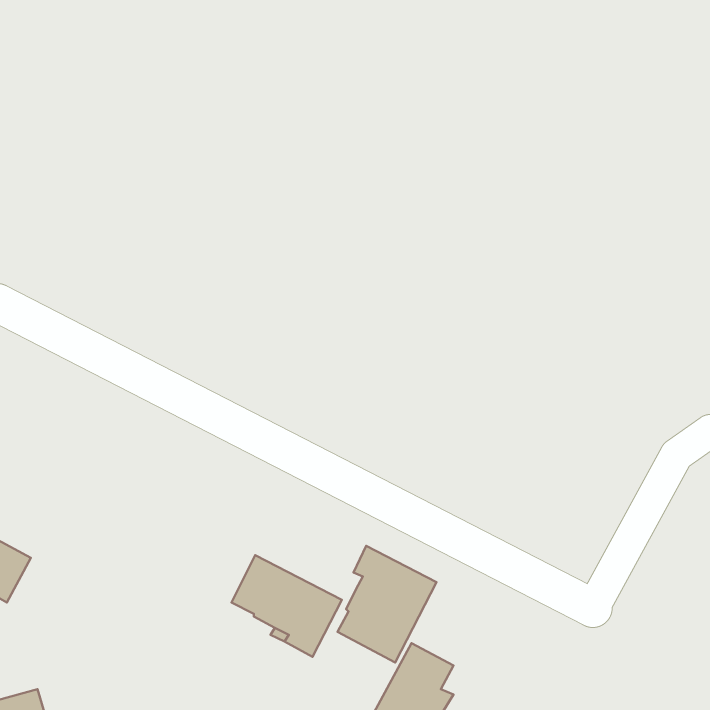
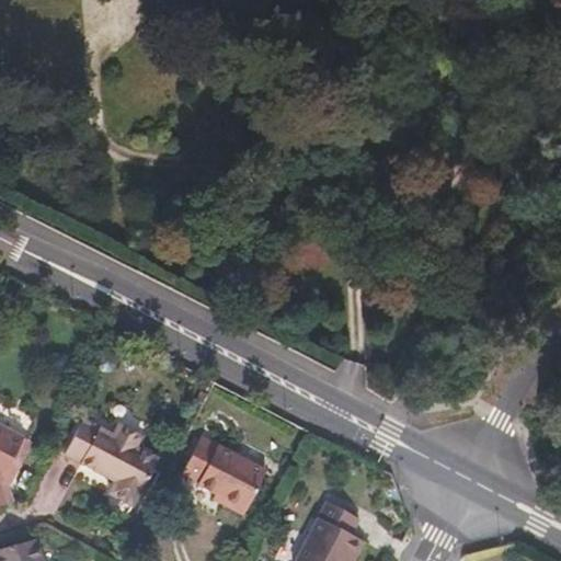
building: none -> [68,411,164,499]
building: [337,546,436,662] -> none

